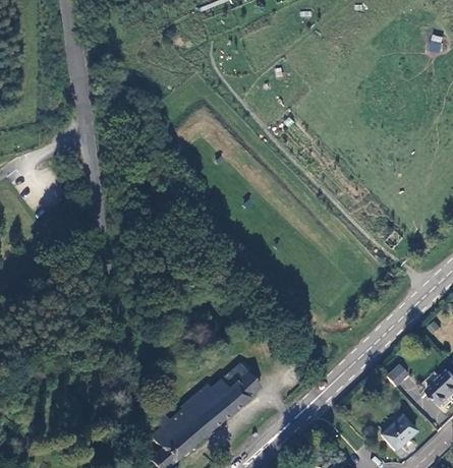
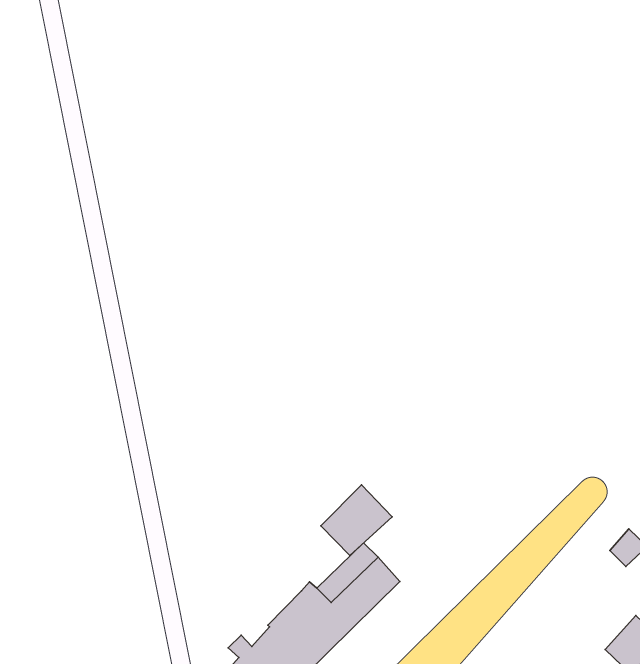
building: none -> [321,485,392,555]

